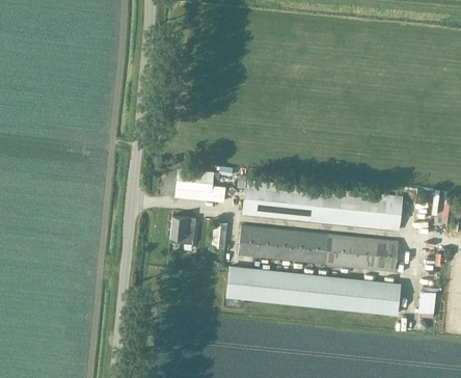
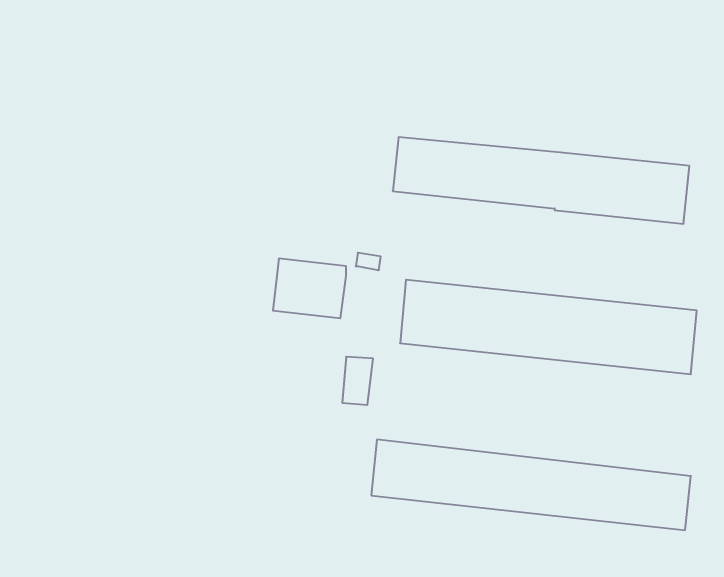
building: [171,216,195,245] -> none
building: [240,226,400,273] -> [393,137,689,224]

